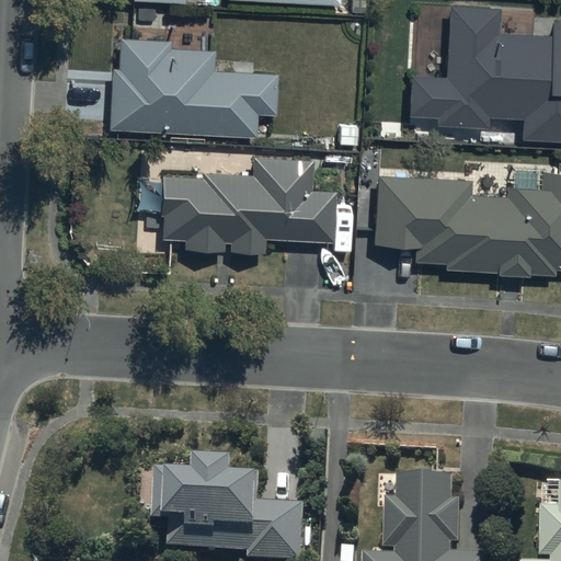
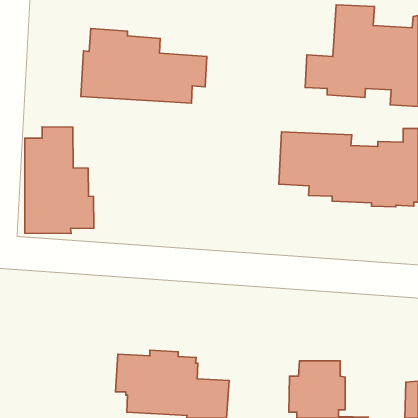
building: [162,159,333,253] -> none
building: none -> [25,127,94,234]

